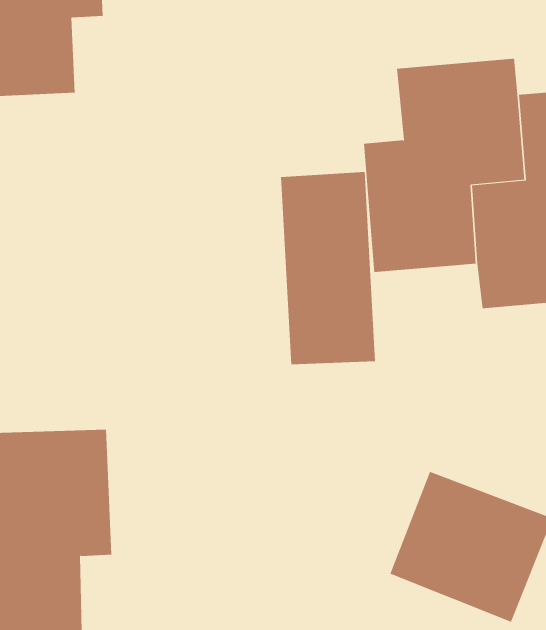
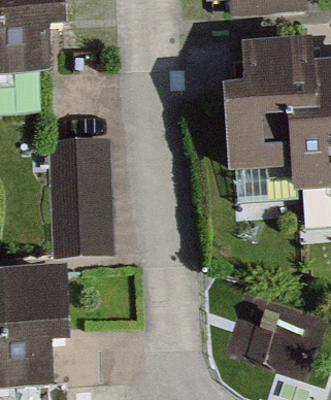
building: [280,172,376,365] -> [51,142,107,257]

